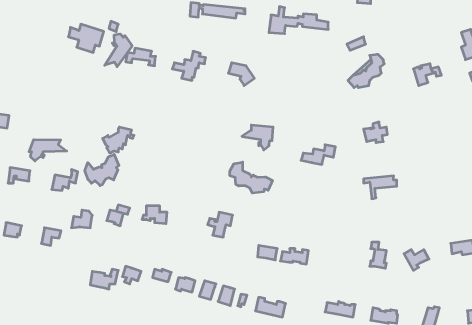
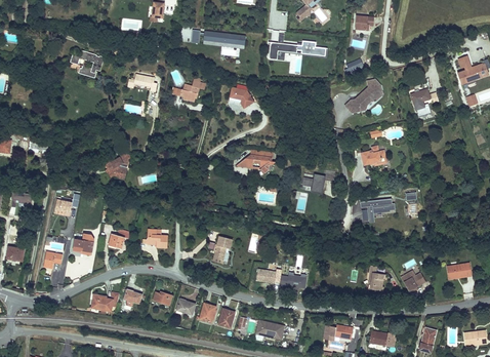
building: [105,34,132,67] -> none
building: [29,140,67,161] -> none
building: [85,154,119,186] -> none
building: [230,162,272,193] -> none

